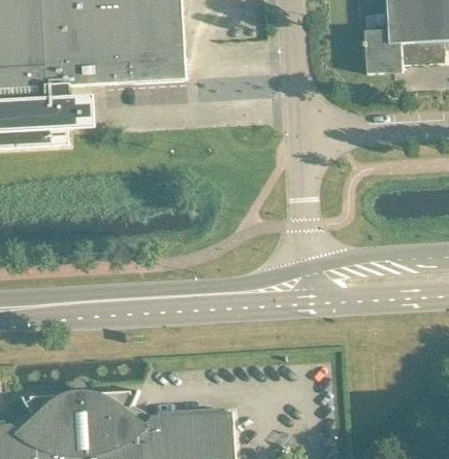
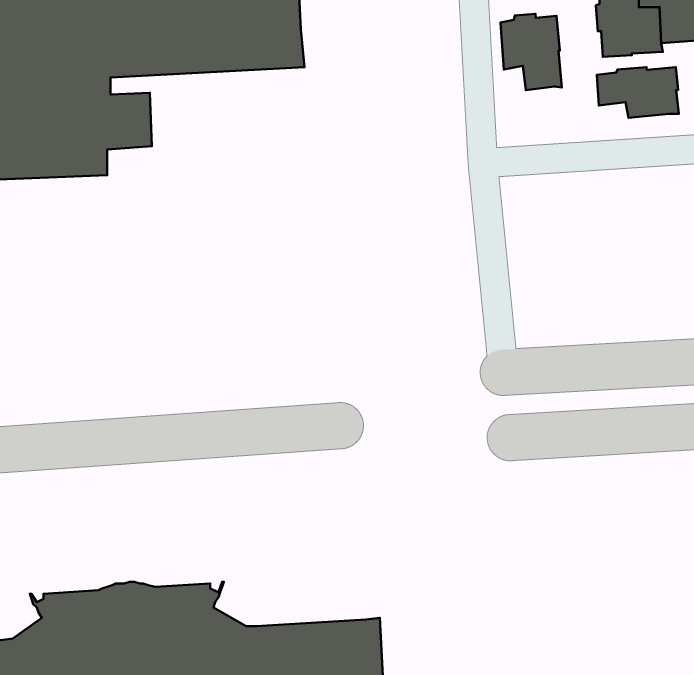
building: none -> [500,14,562,90]
building: none -> [597,67,679,118]

